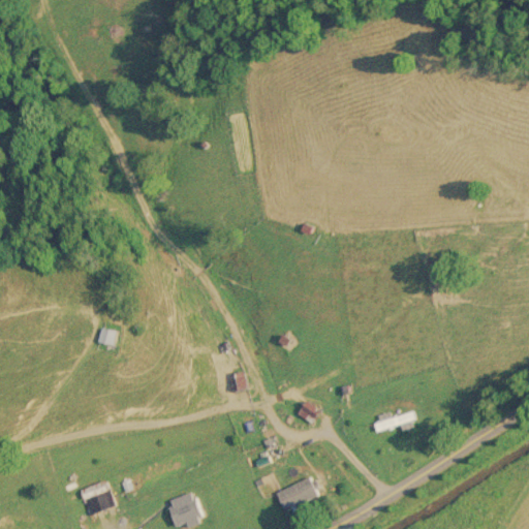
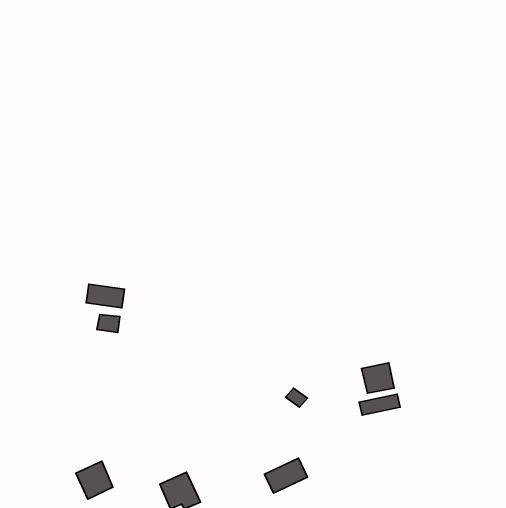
building: none -> [86,284,124,308]
building: none -> [361,363,394,393]

